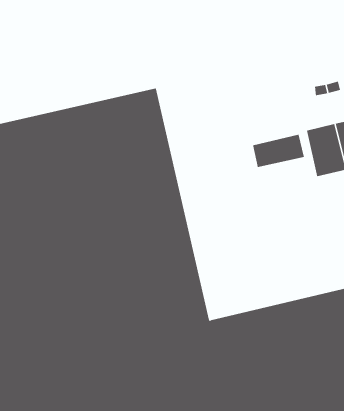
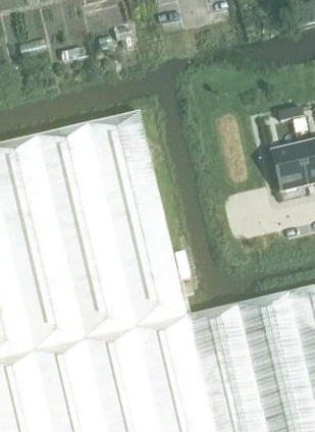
building: [253,134,304,168] -> none

